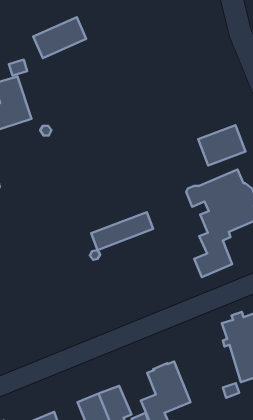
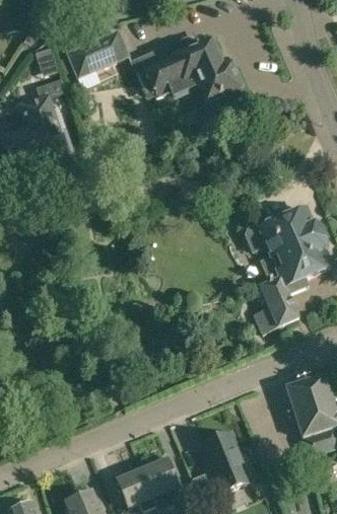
building: none -> [139,39,244,109]
building: [198,125,246,166] -> none
building: [91,212,153,250] -> none

